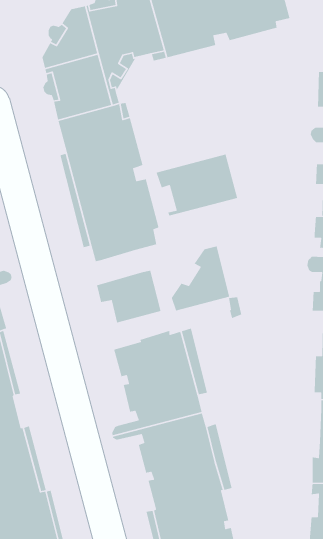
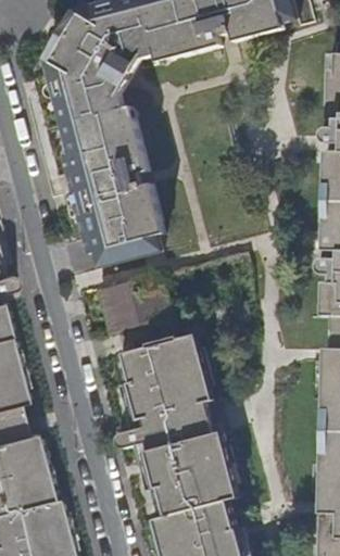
building: [156,153,238,217] -> none
building: [171,245,230,312] -> none

